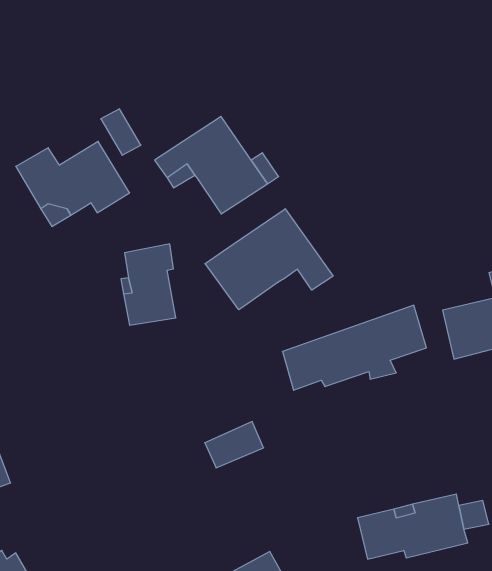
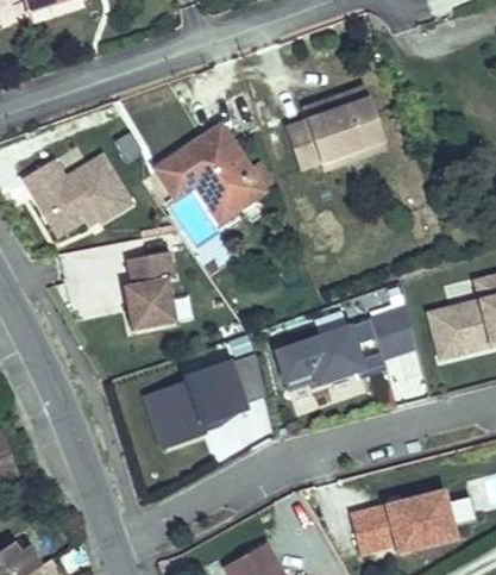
building: none -> [287,83,387,168]
building: [205,209,333,310] -> none
building: none -> [145,356,262,450]

